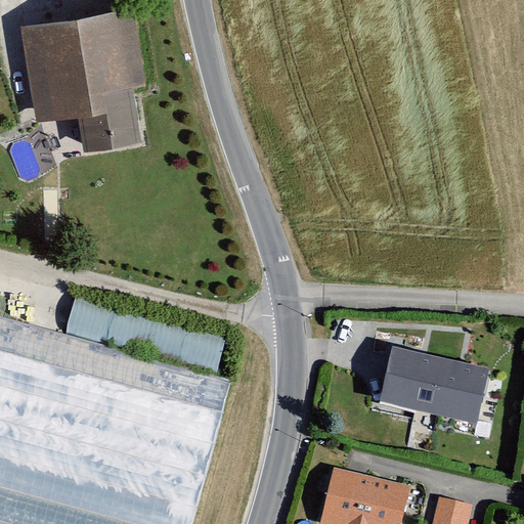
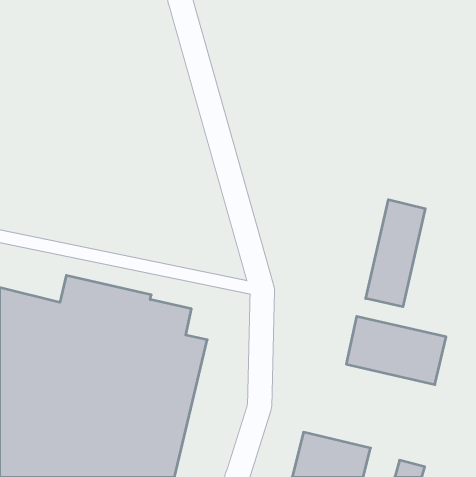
building: [19,12,144,151] -> none
building: none -> [366,200,425,307]

